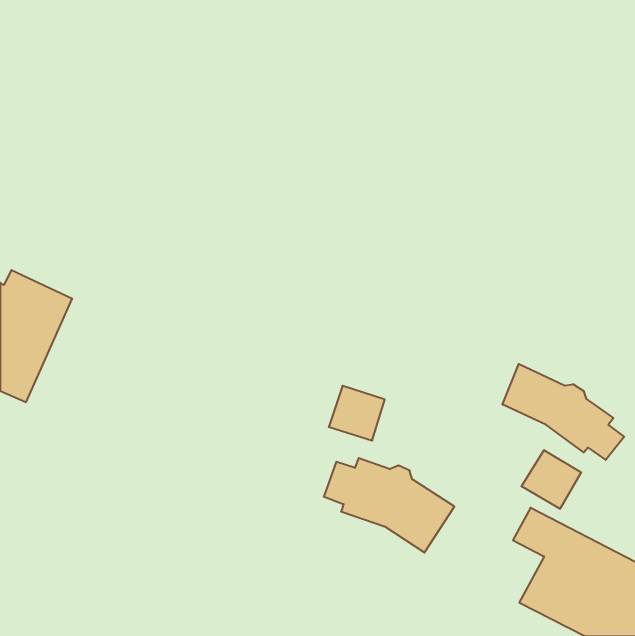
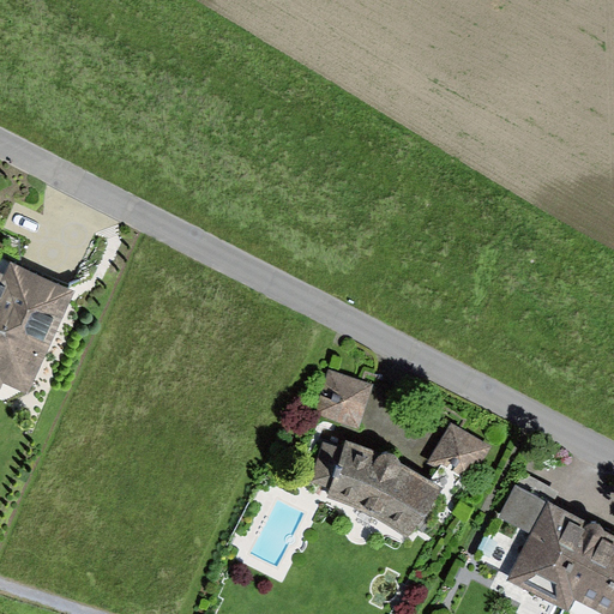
building: [502,364,624,460] -> none
building: [521,450,581,509] -> [432,423,489,480]

